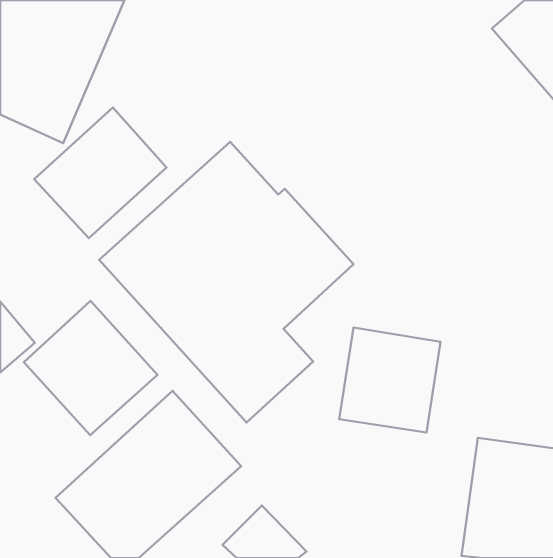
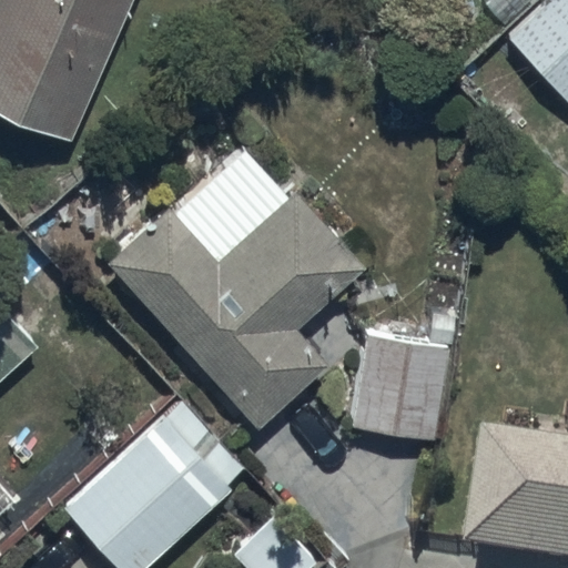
building: [34,108,167,238] -> none
building: [24,301,157,435] -> none

